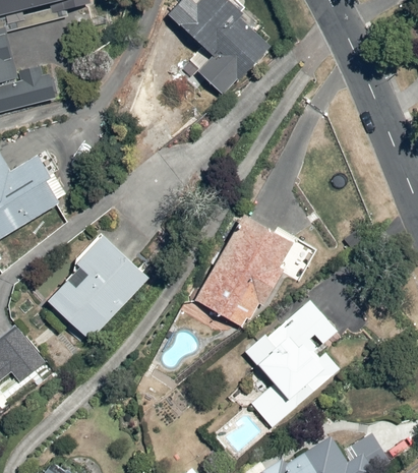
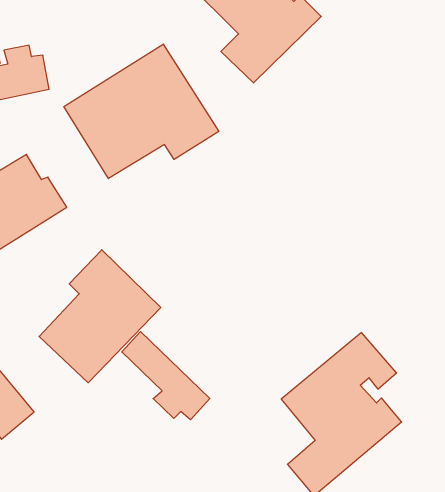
building: none -> [64,44,219,179]
building: [194,213,315,323] -> none
building: none -> [122,332,210,420]

